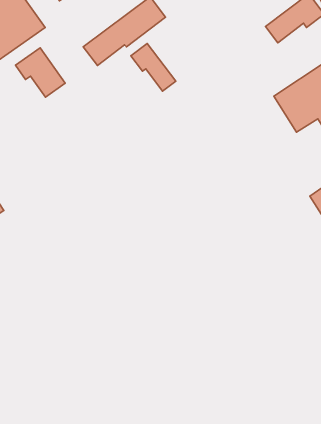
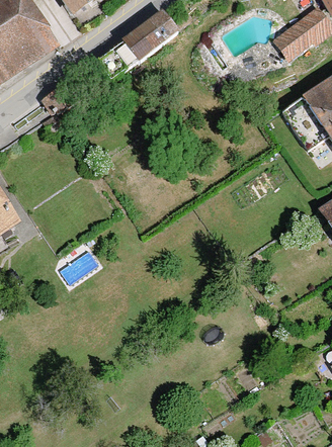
building: [131,43,176,91] -> none
building: [16,48,65,97] -> none

